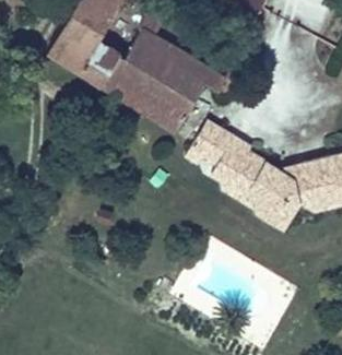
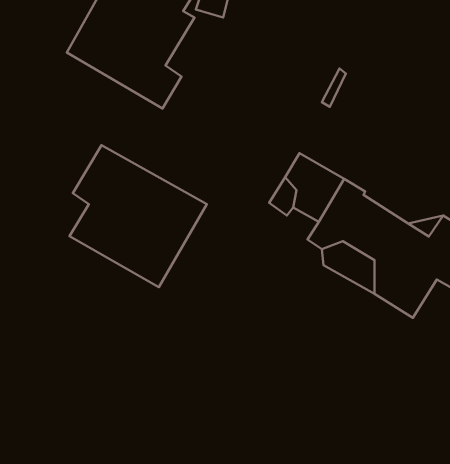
building: [114,28,208,126] -> [70,145,207,287]

